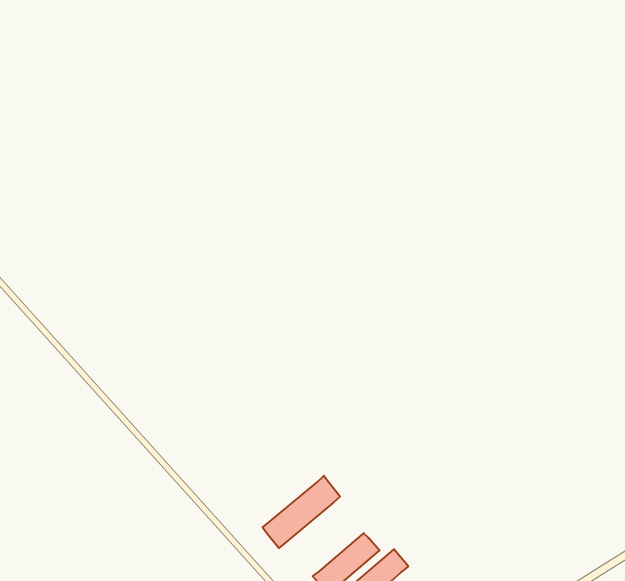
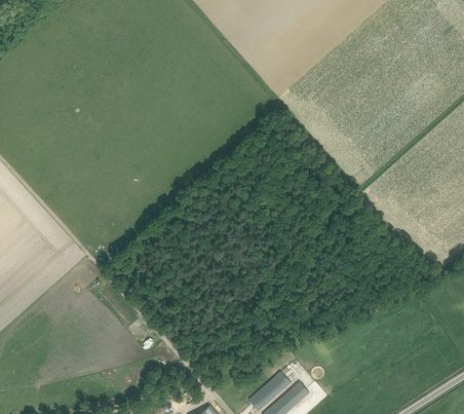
building: [263,476,340,548] -> none

